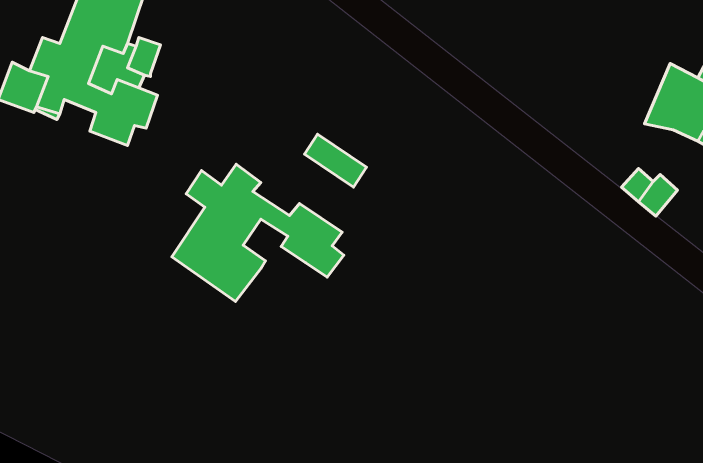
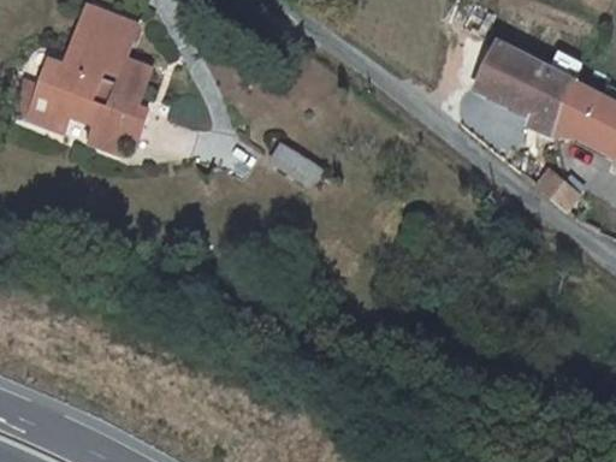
building: none -> [475,43,580,134]
building: [172,164,344,302] -> none

